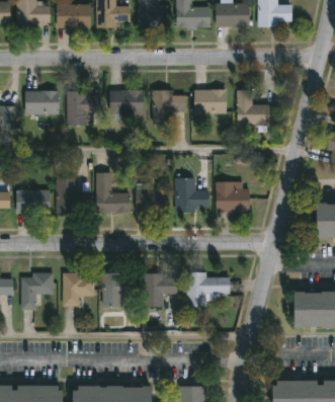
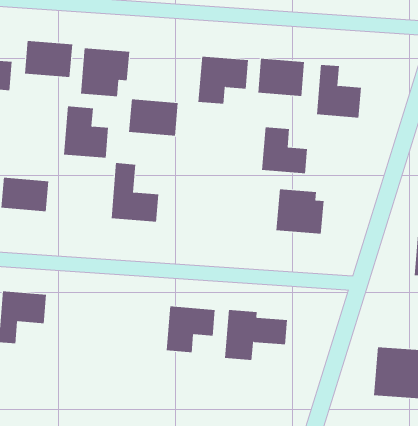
building: [109,90,144,114] -> [128,99,179,136]
building: [57,178,88,214] -> [63,106,109,158]
building: [176,178,208,210] -> [261,127,308,174]
building: [136,188,168,213] -> none
building: [63,272,93,306] -> none
building: [102,272,135,308] -> none

